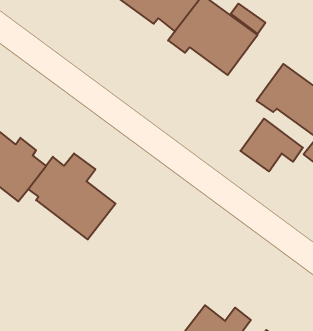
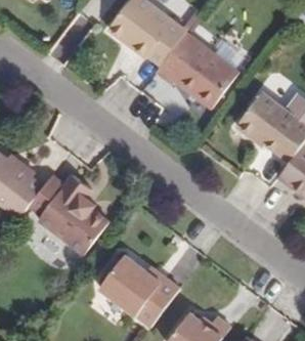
building: [240,119,303,171] -> none
building: none -> [99,257,180,330]

